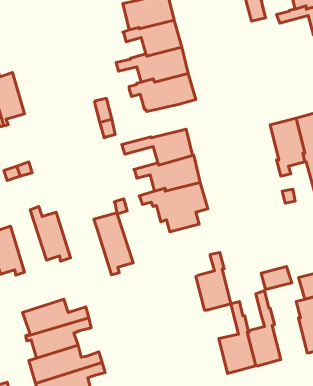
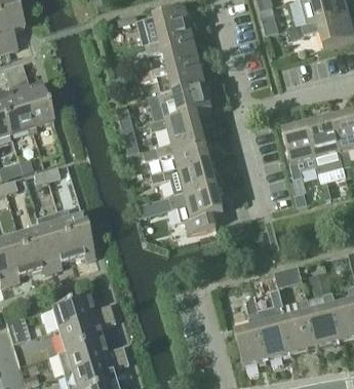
building: none -> [142,112,204,144]
building: [94,213,133,275] -> [36,211,73,270]
building: [196,252,231,310] -> [285,298,318,352]

